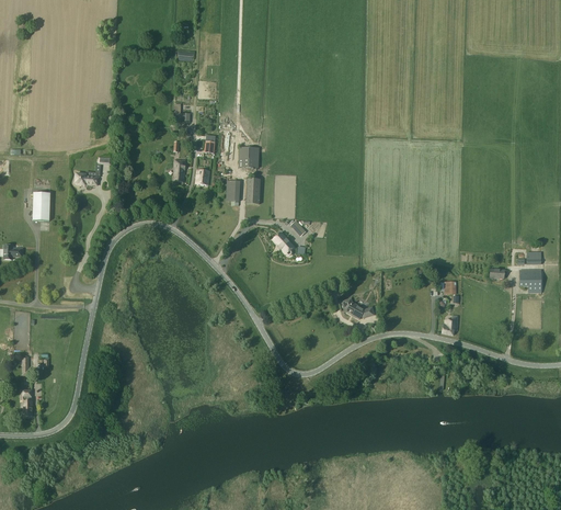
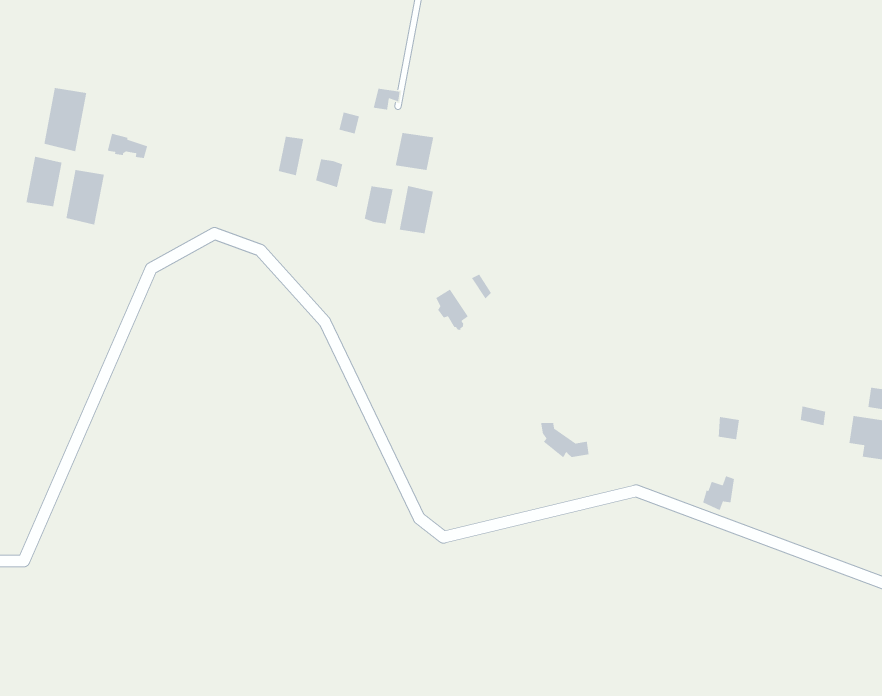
building: none -> [43,87,87,152]
building: none -> [65,169,105,225]

